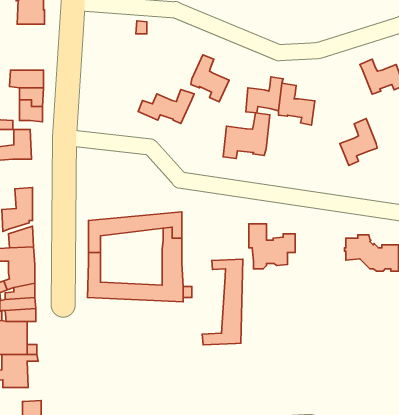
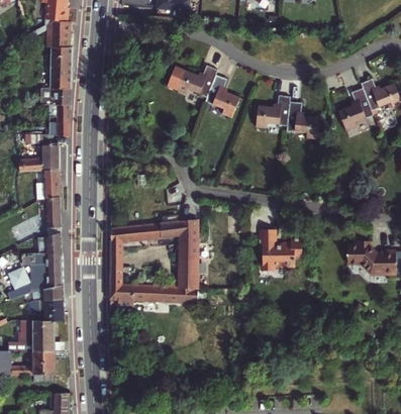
building: none -> [51,46,72,89]
building: [138,89,194,123] -> [168,66,219,97]
building: [223,113,270,158] -> none
building: [340,118,377,166] -> [339,88,374,131]
building: none -> [42,171,61,198]
building: [202,259,243,345] -> none

